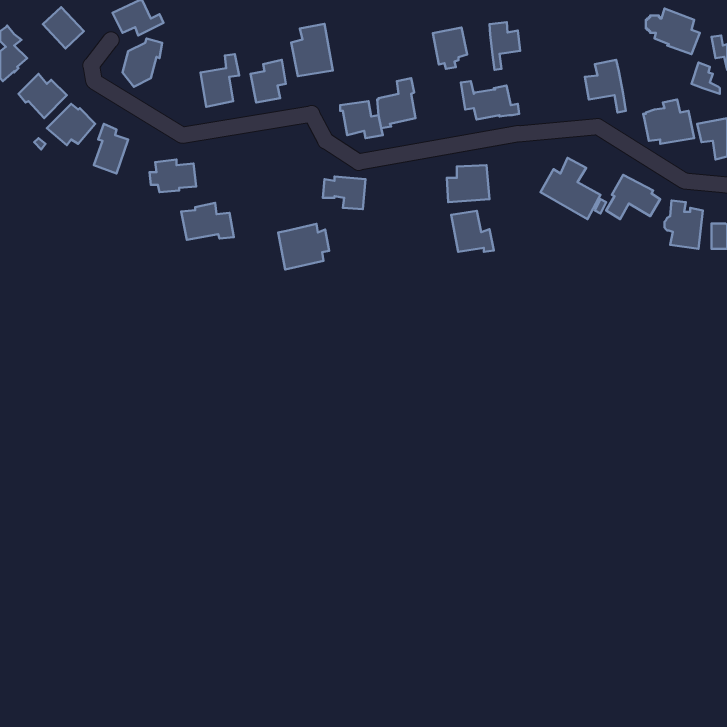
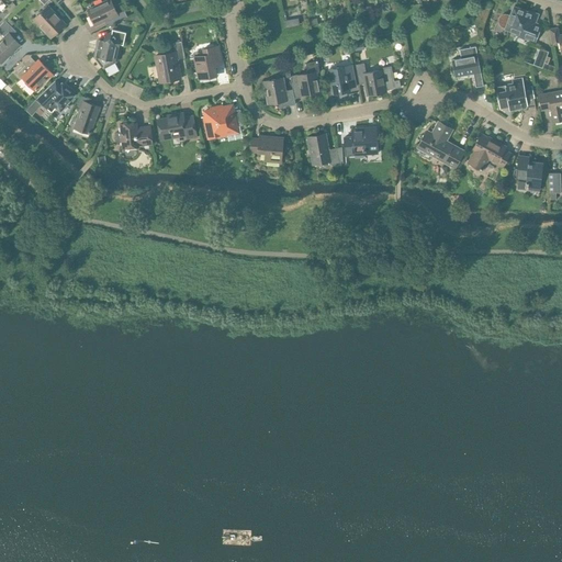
building: [489,22,520,70] -> none
building: [291,24,333,76] -> none
building: [433,27,467,69] -> [329,66,356,98]
building: [181,203,234,240] -> [157,112,198,140]
building: [451,211,494,252] -> [306,133,339,165]
building: [278,224,329,269] -> [204,104,244,139]

